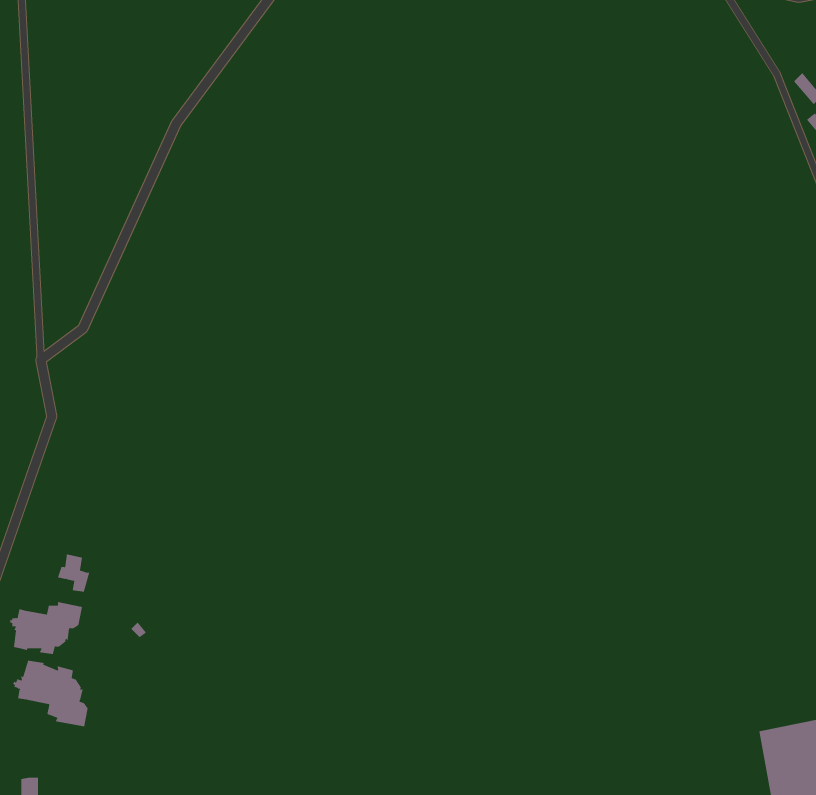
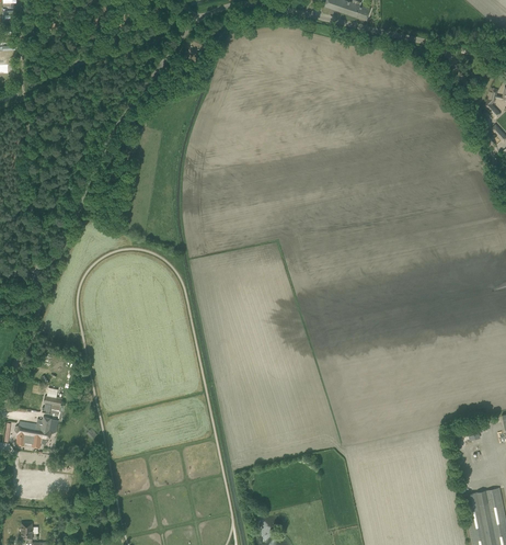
building: [12,660,88,727] -> none

